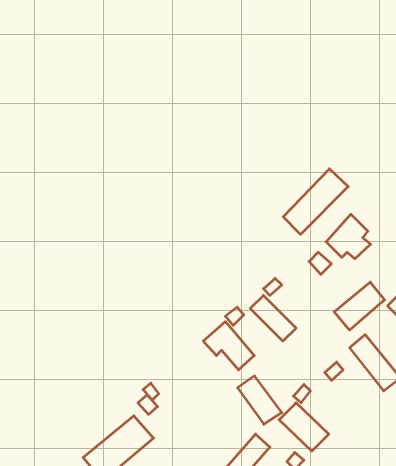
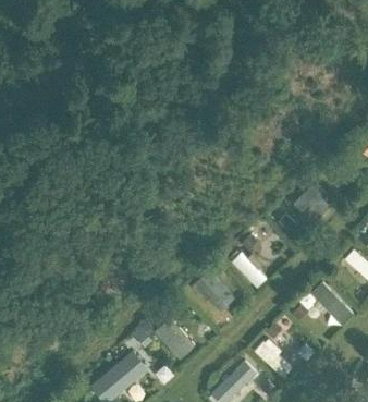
building: [283,169,348,234] -> none
building: [334,282,385,330] -> none
building: [238,376,282,424] -> [157,317,194,357]

